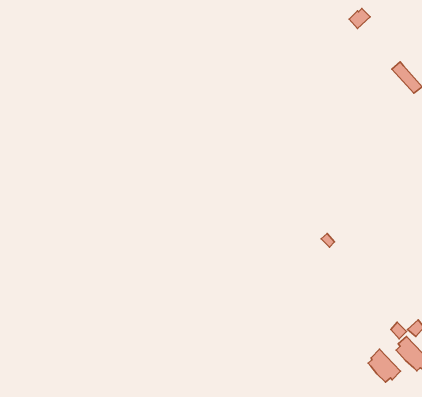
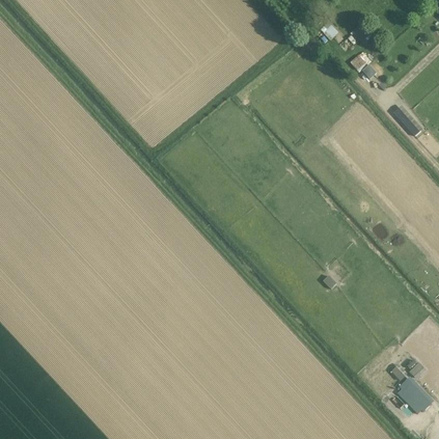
building: [368,349,401,382] -> none

